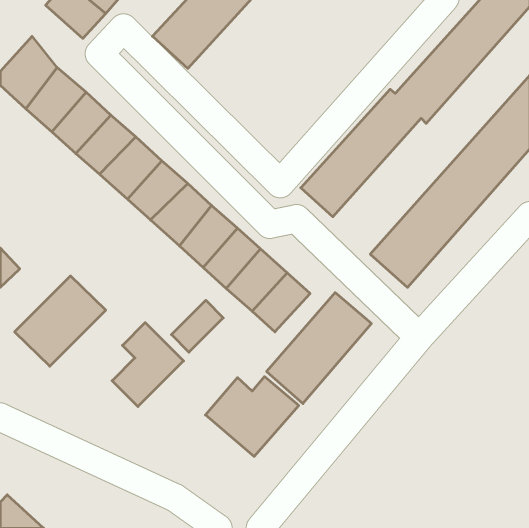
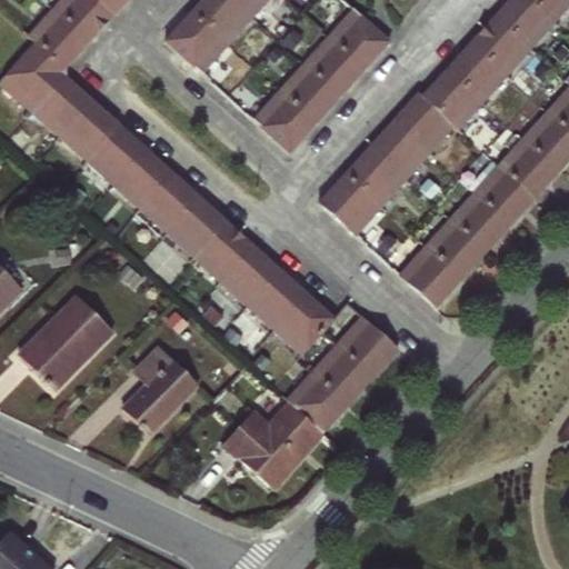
building: none -> [251,4,391,151]
building: none -> [27,6,90,72]
building: [171,300,223,352] -> none

